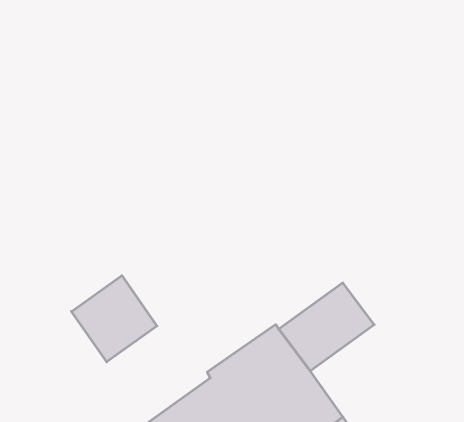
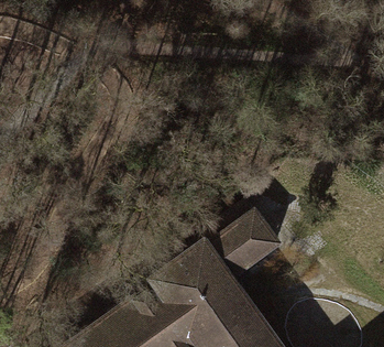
building: [71,276,157,362] -> none

